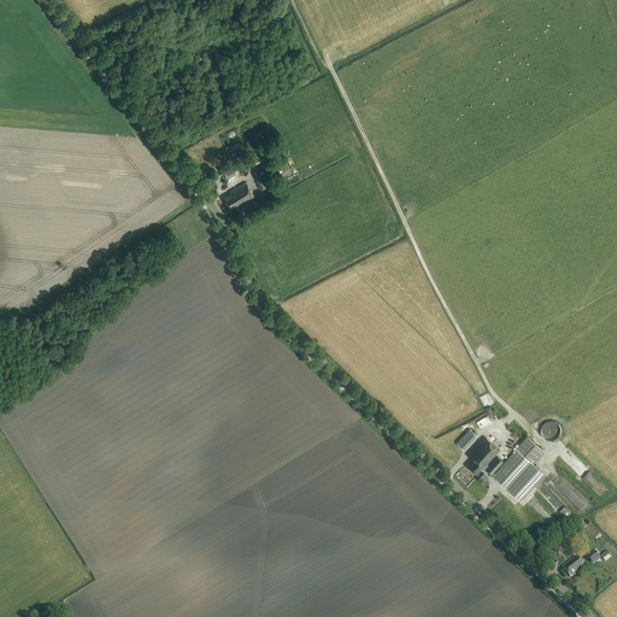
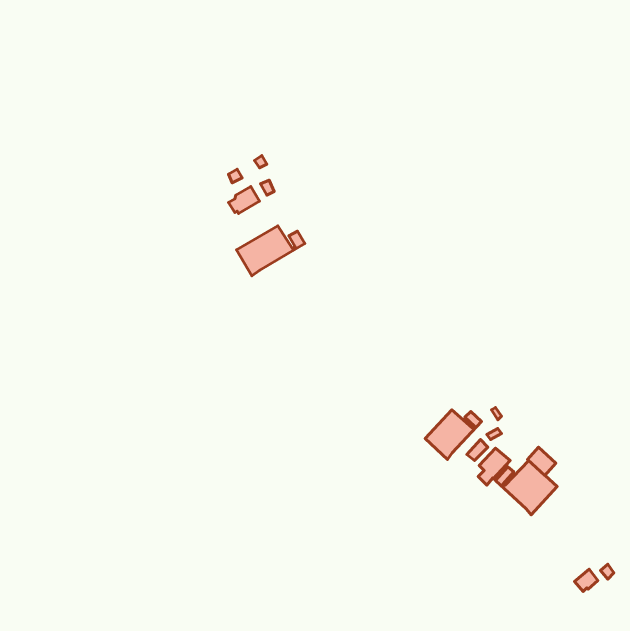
building: none -> [237,226,305,276]
building: none -> [425,410,481,459]

